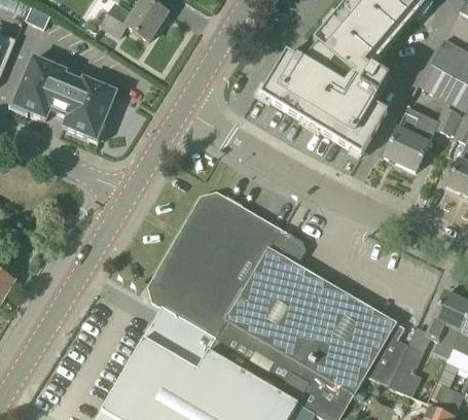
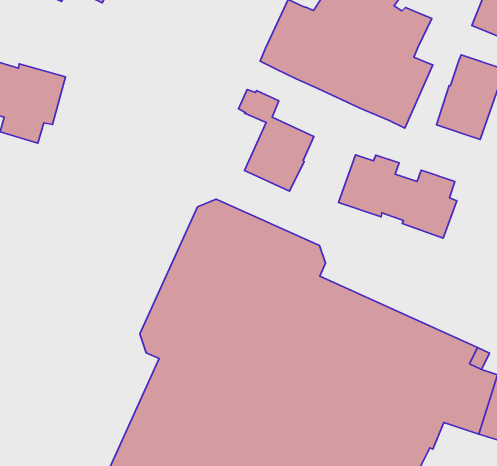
building: none -> [238,90,314,191]
building: none -> [338,155,457,238]

